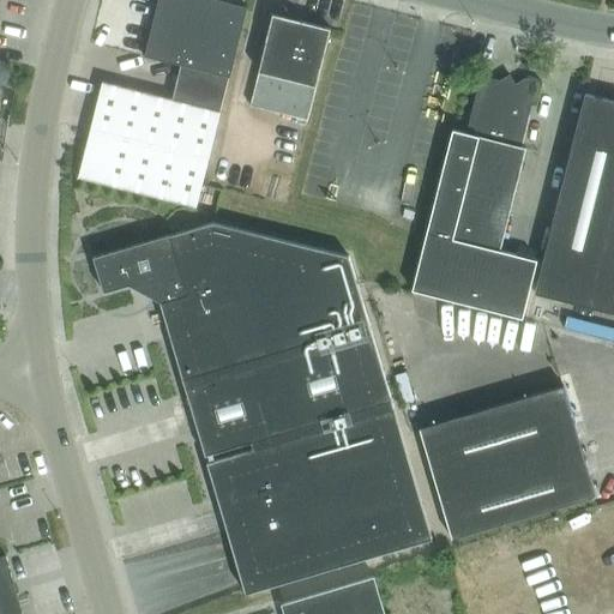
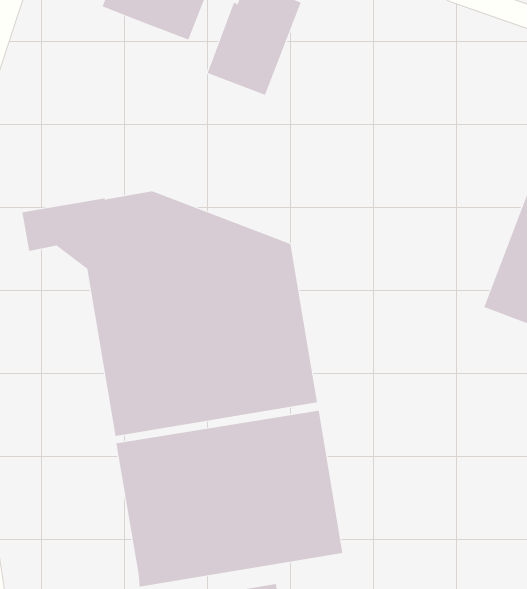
building: [78,66,228,207] -> none
building: [411,74,541,319] -> none
building: [419,386,595,540] -> none

